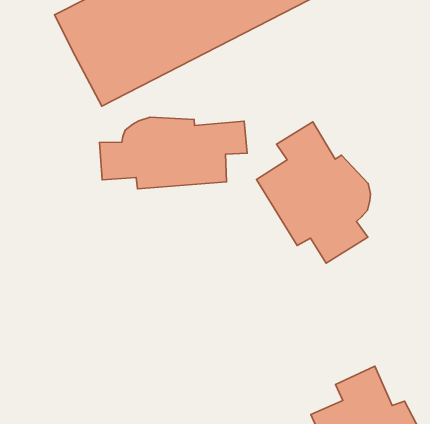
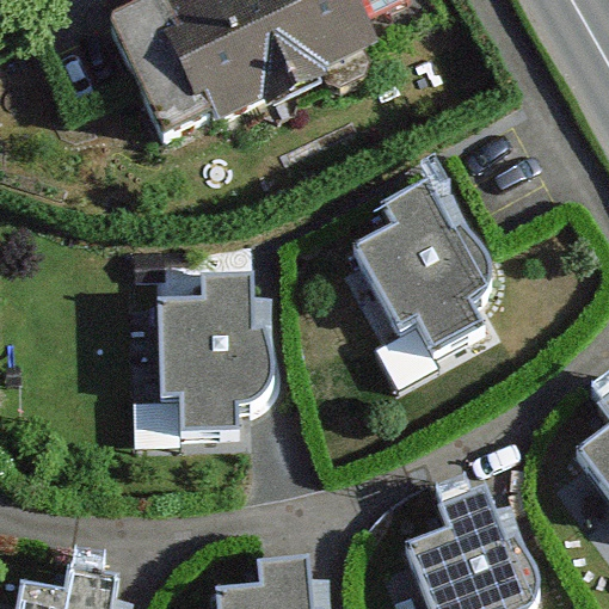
building: [99,117,247,189] -> none
building: none -> [156,271,273,431]

